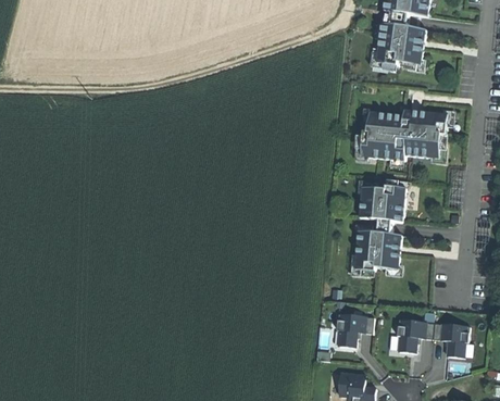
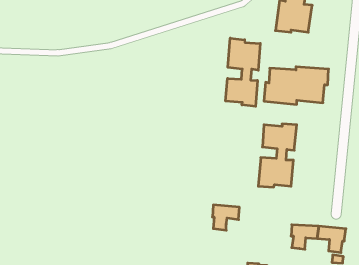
building: none -> [226,38,260,106]
building: [337,314,373,348] -> [212,205,239,230]

